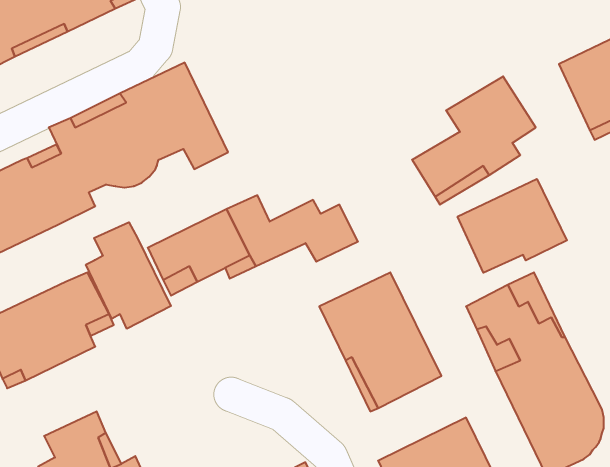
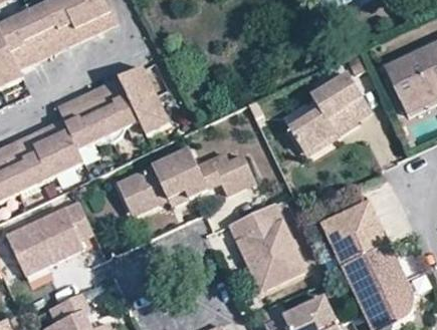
building: [458,179,567,273] -> none
building: [86,222,171,329] -> none

